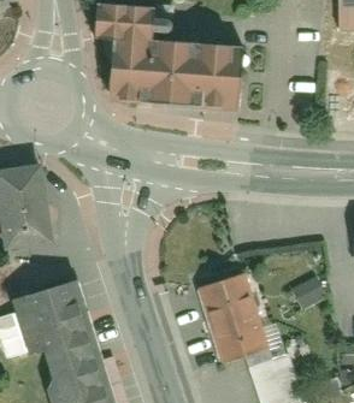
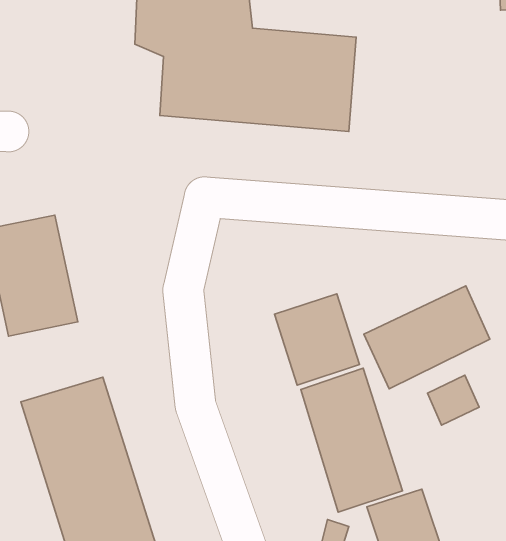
building: none -> [364,286,490,389]
building: none -> [275,294,359,385]

